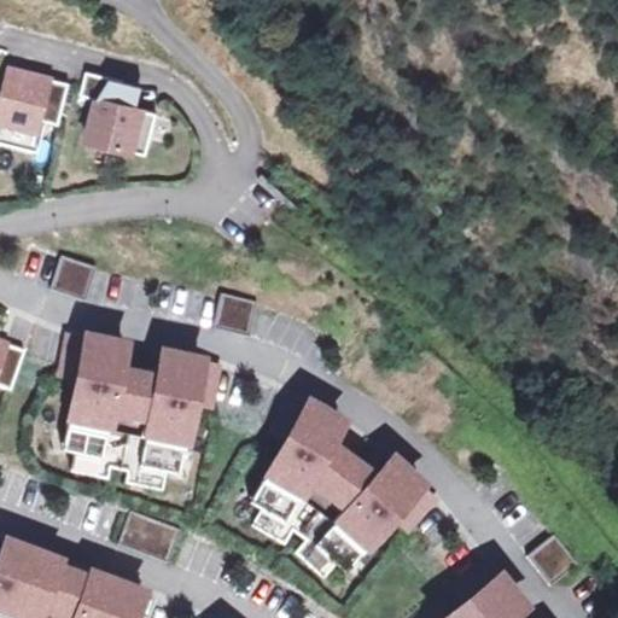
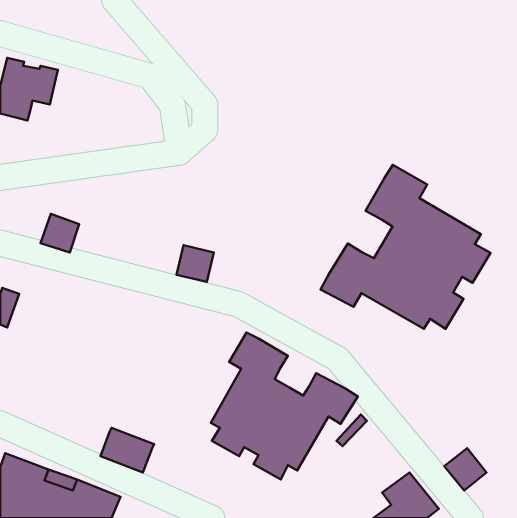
building: [82,72,157,153] -> none
building: none -> [321,165,491,329]
building: [62,337,220,491] -> none

